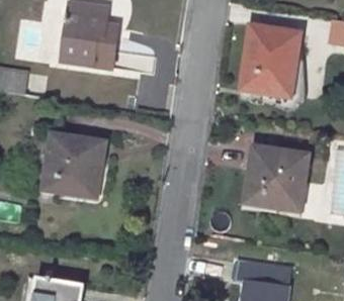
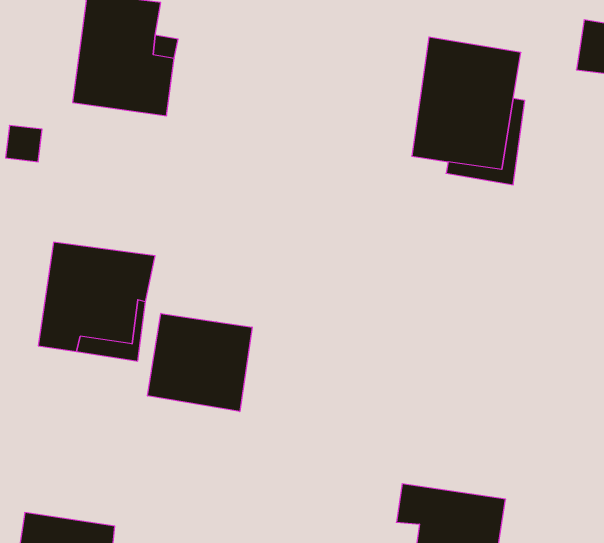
building: [244,147,308,210] -> none
building: none -> [148,313,252,412]

